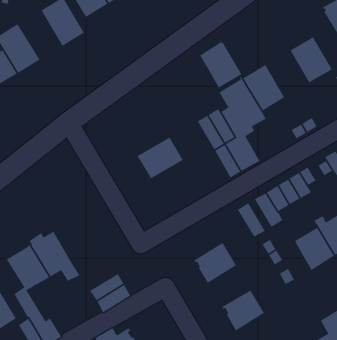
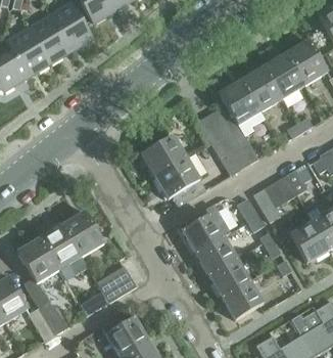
building: none -> [29,15,70,62]
building: [199,39,242,89] -> [264,51,304,98]
building: none -> [154,158,199,198]
building: none -> [181,205,230,253]
building: none -> [62,209,104,256]
building: none -> [208,258,249,297]

